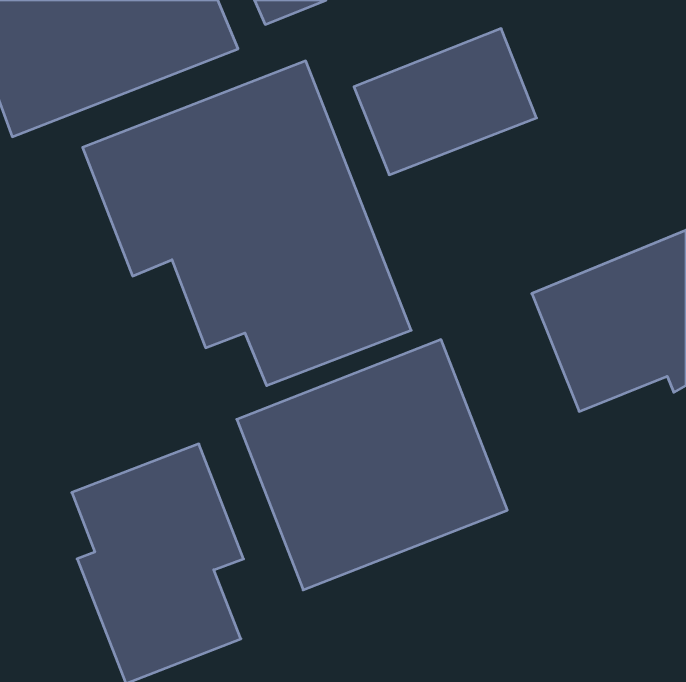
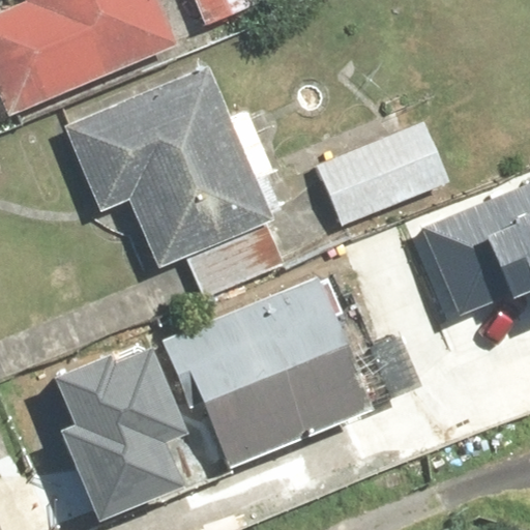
building: [354,29,537,175] -> [315,116,454,228]

